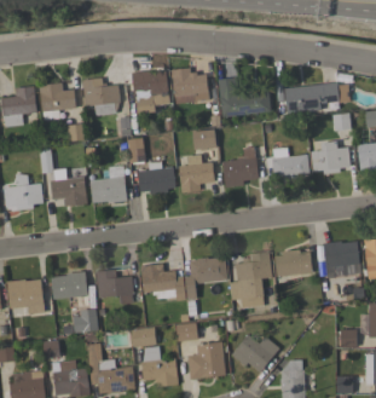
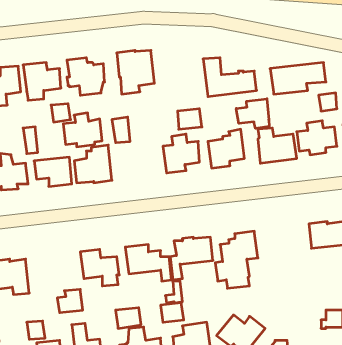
building: [172,68,218,106] -> none
building: none -> [236,99,269,128]
building: [137,160,175,194] -> [63,113,102,147]
building: [274,249,312,276] -> none
building: [51,271,88,299] -> none

